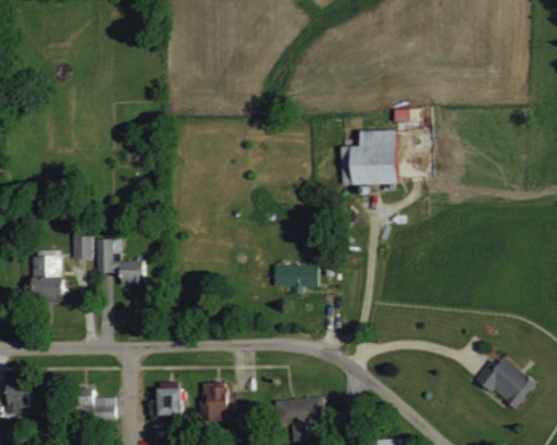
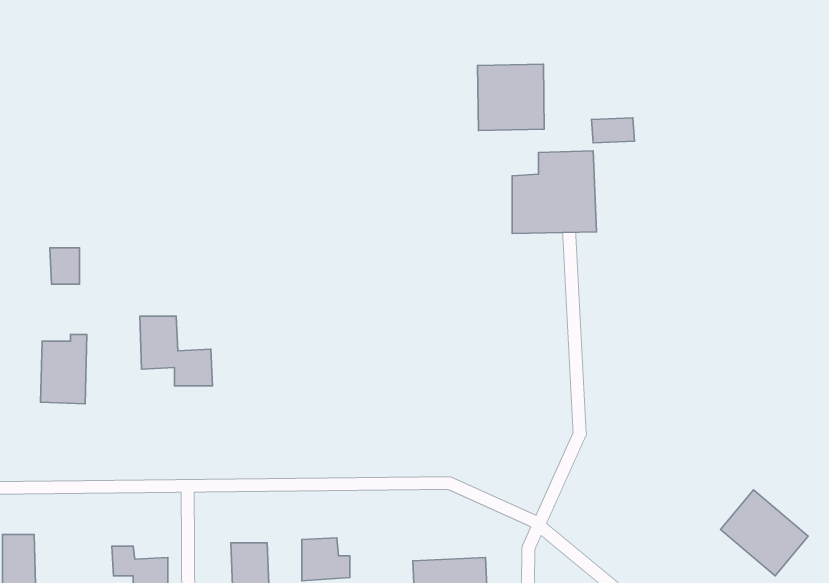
building: none -> [478,64,544,130]
building: [73,234,92,258] -> [50,248,80,284]
building: [274,264,318,293] -> none

